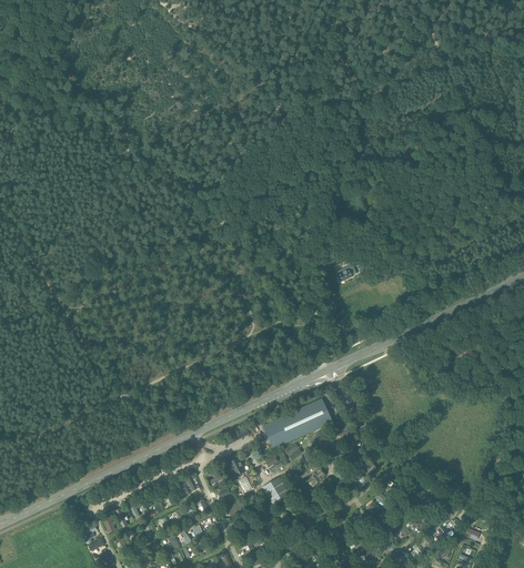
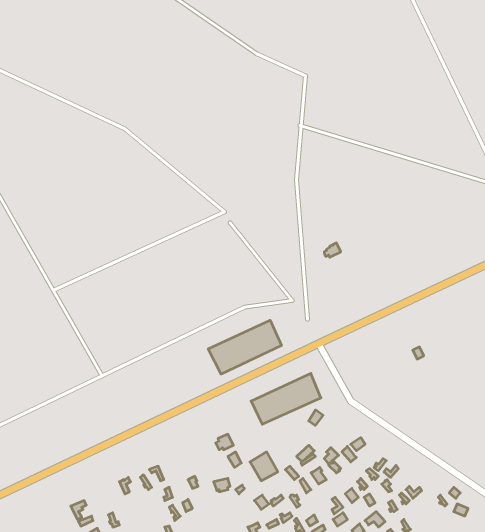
building: none -> [208,320,281,374]

